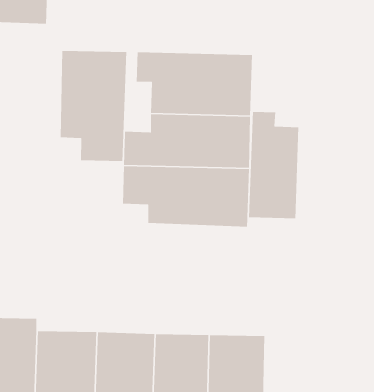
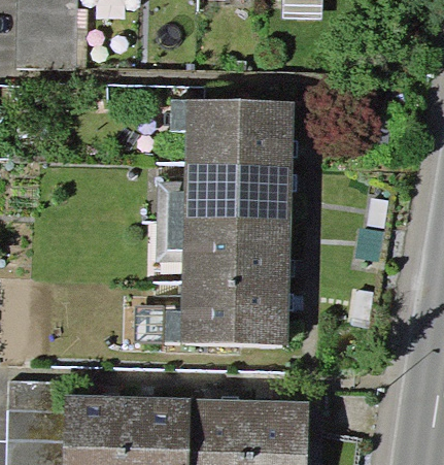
building: [60,50,127,162] -> none
building: [248,111,299,219] -> none
building: none -> [165,280,289,345]

